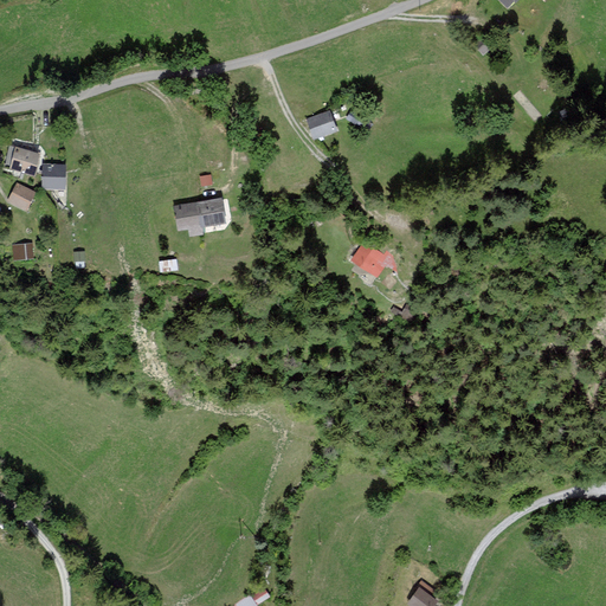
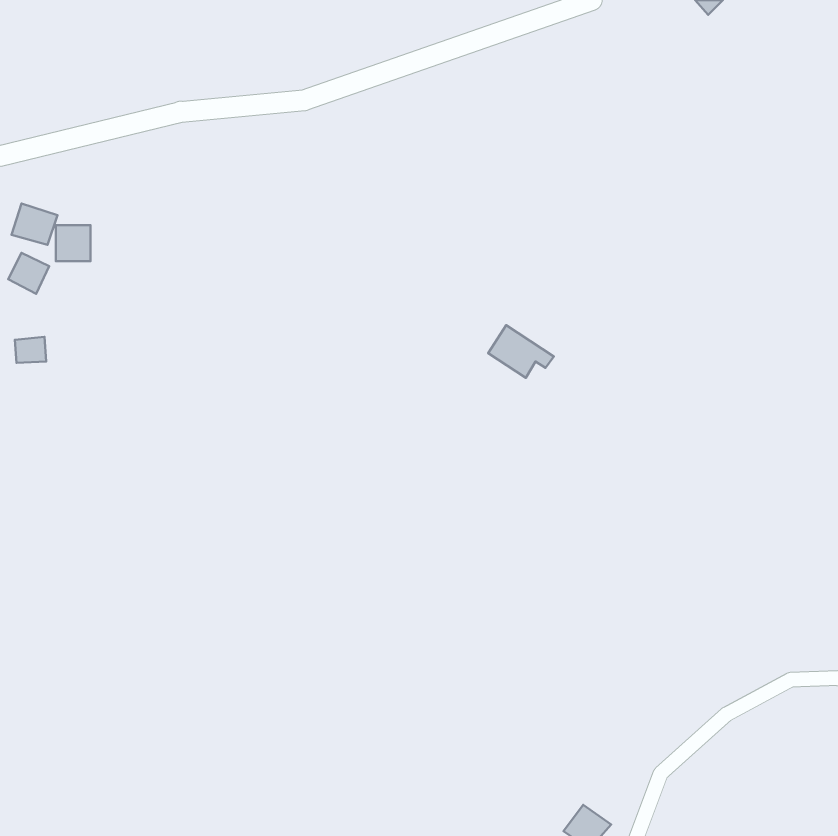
building: [305,109,337,138] -> none
building: [174,191,227,230] -> none

